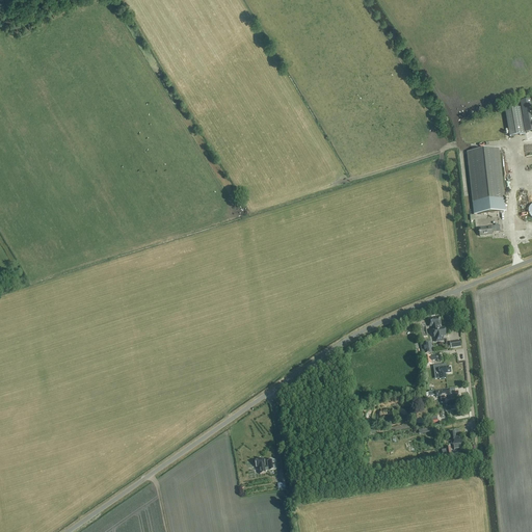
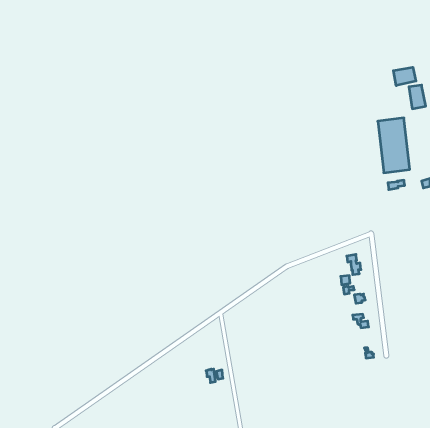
building: none -> [393,67,416,86]

